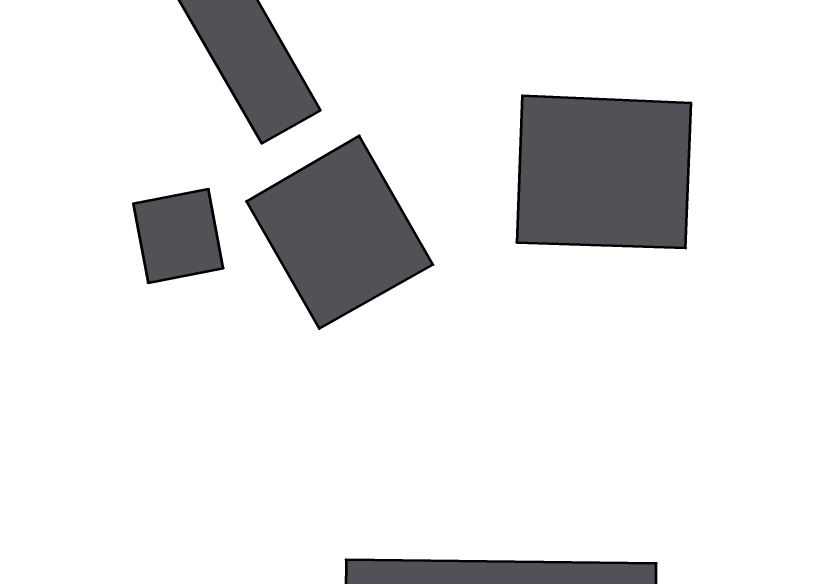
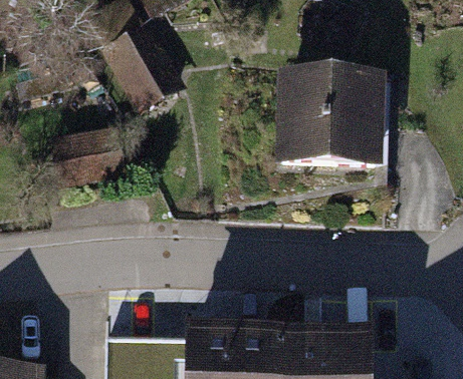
building: [246,136,433,329] -> none

